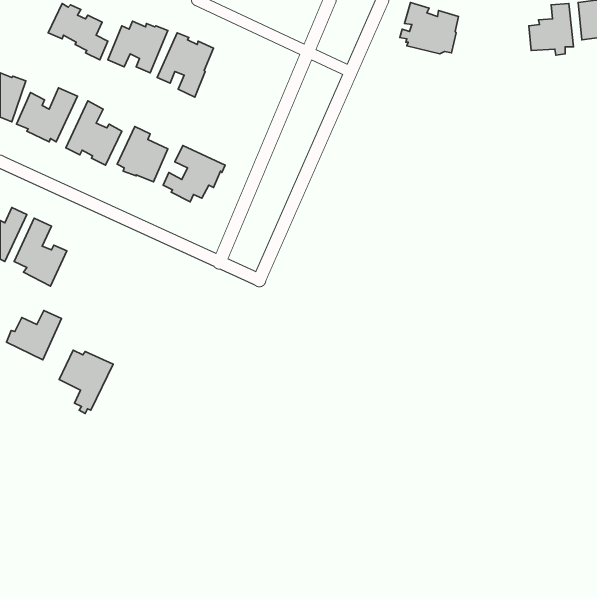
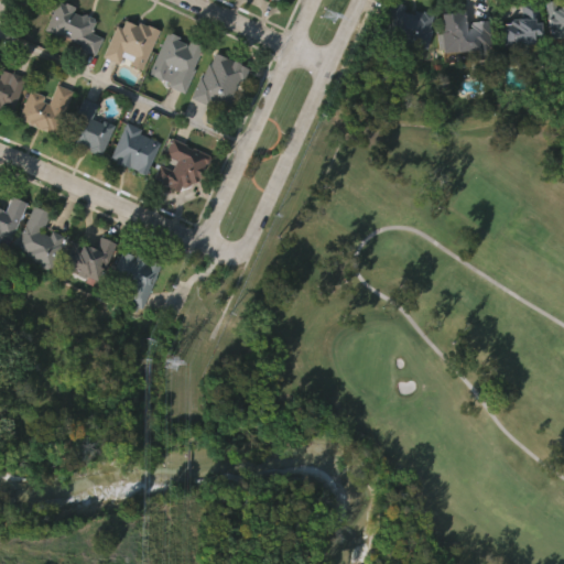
building: none -> [436,12,489,54]
building: none -> [193,53,250,109]
building: [6,310,62,360] -> [65,236,117,282]
building: [59,350,113,414] -> [113,252,164,312]

